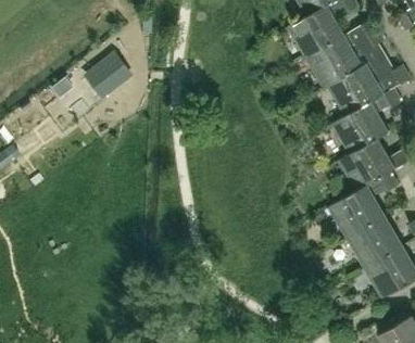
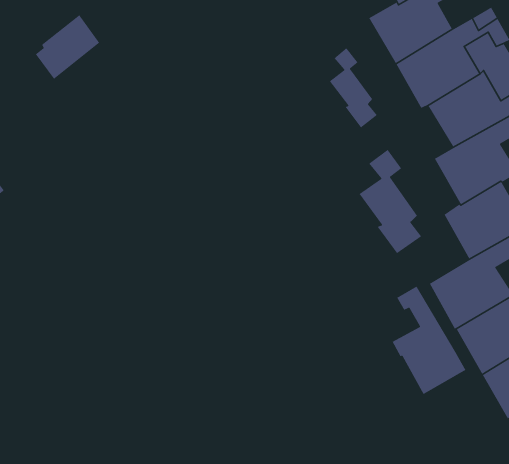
building: none -> [329,47,378,129]
building: [81,55,126,100] -> [35,14,100,80]
building: none -> [358,149,422,254]
building: none -> [391,286,467,395]

